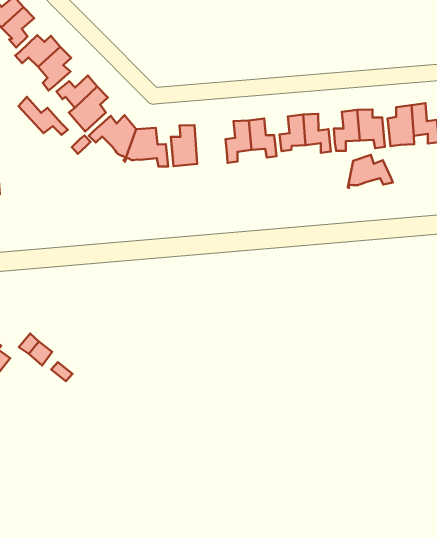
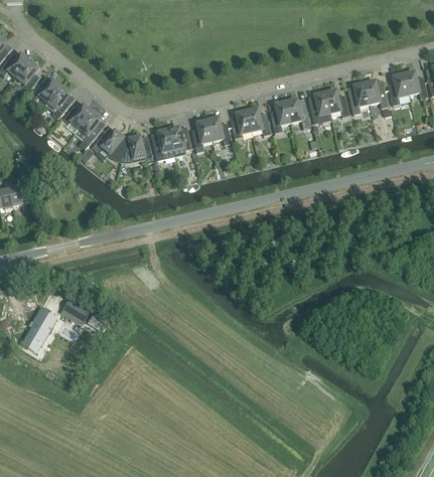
building: [19,97,68,135] -> none
building: none -> [168,125,191,156]
building: [348,155,393,188] -> none

